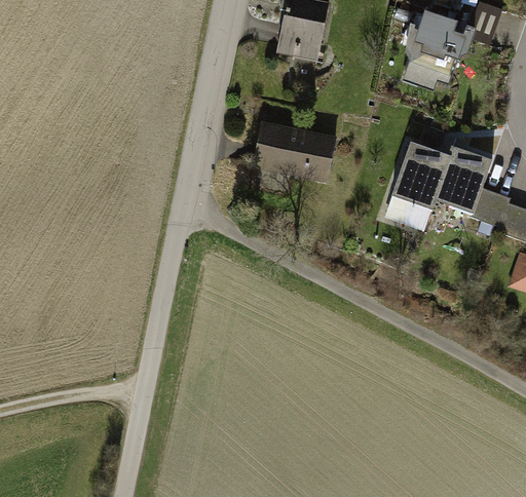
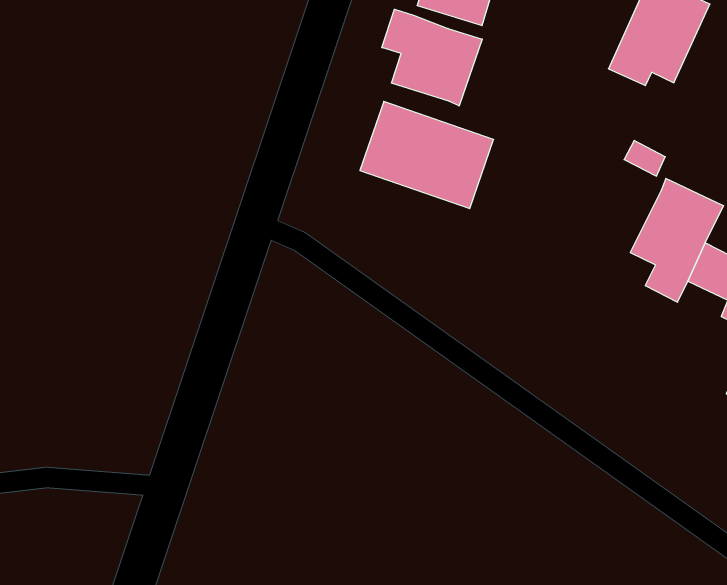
building: none -> [382,9,482,106]
building: [383,142,451,231] -> none

